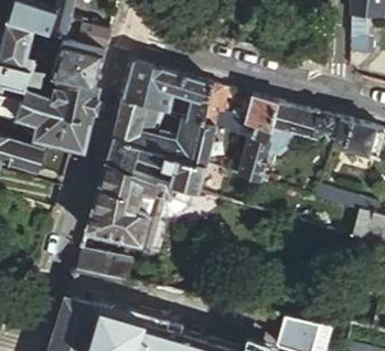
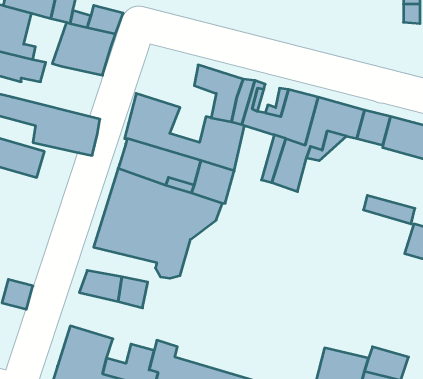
building: [121,61,174,113] -> none
building: [15,75,99,120] -> none

